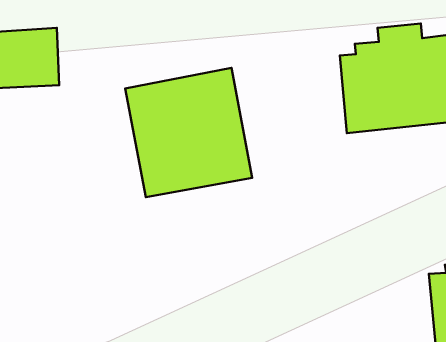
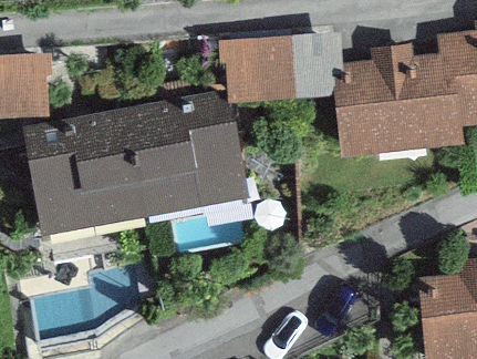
building: none -> [232,35,303,95]
building: none -> [20,110,144,234]

